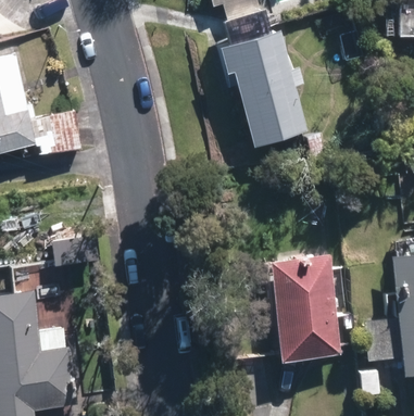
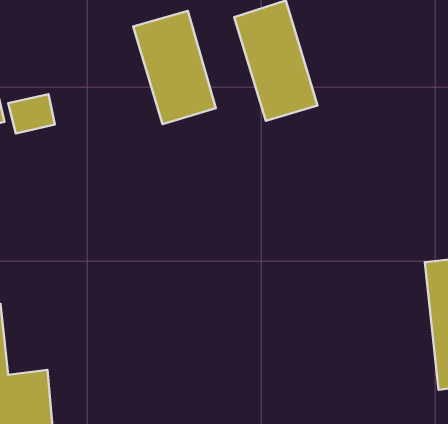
building: none -> [133,11,216,124]
building: [273,260,335,356] -> none

